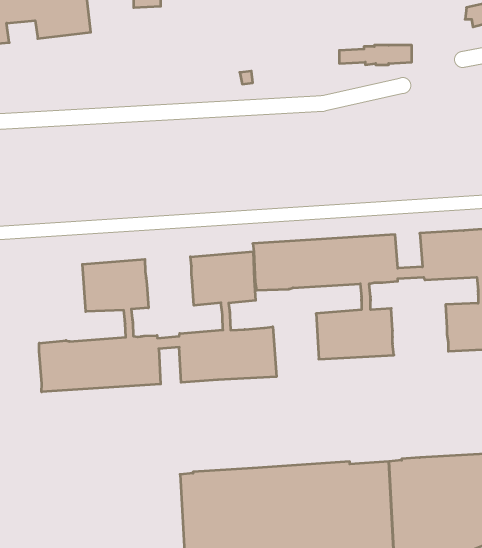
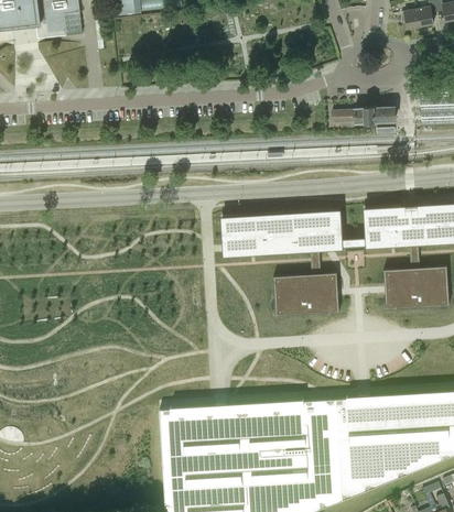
building: [339,45,412,65] -> [332,110,393,127]
building: [39,252,276,392] -> none

